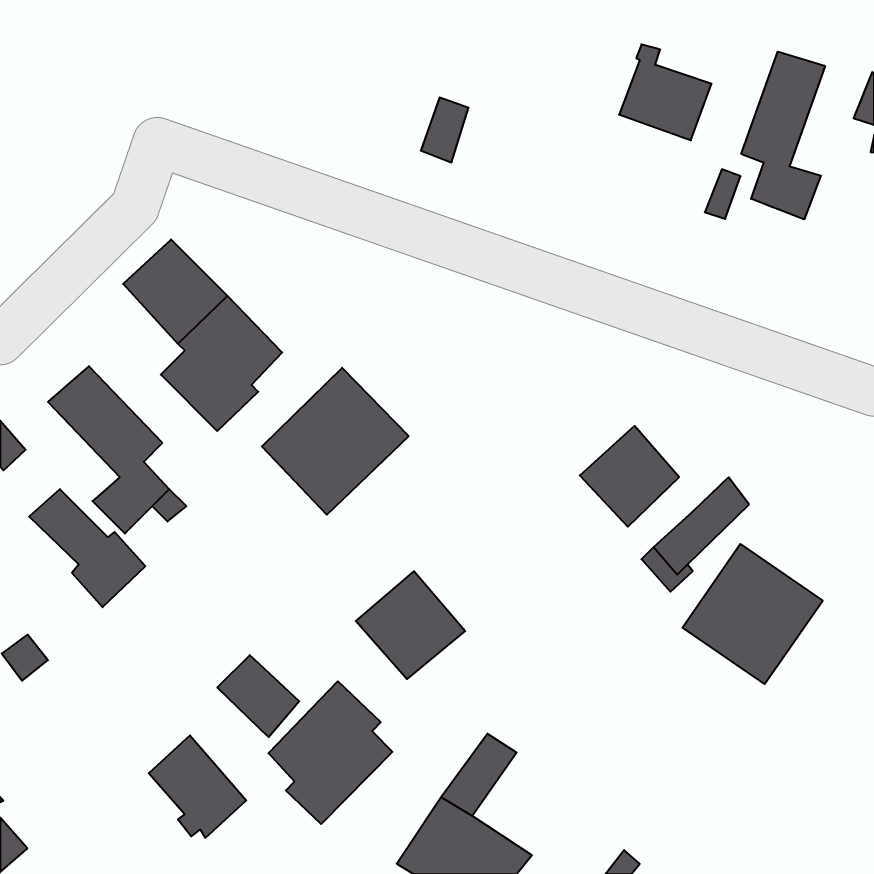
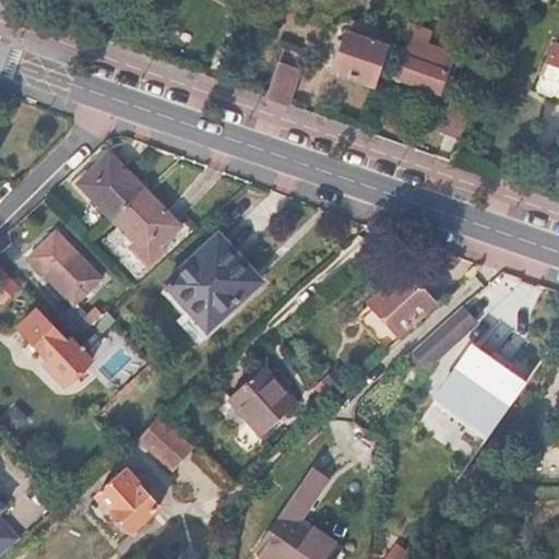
building: none -> [333,33,385,85]
building: [741,52,825,219] -> none
building: [268,681,392,824] -> none

